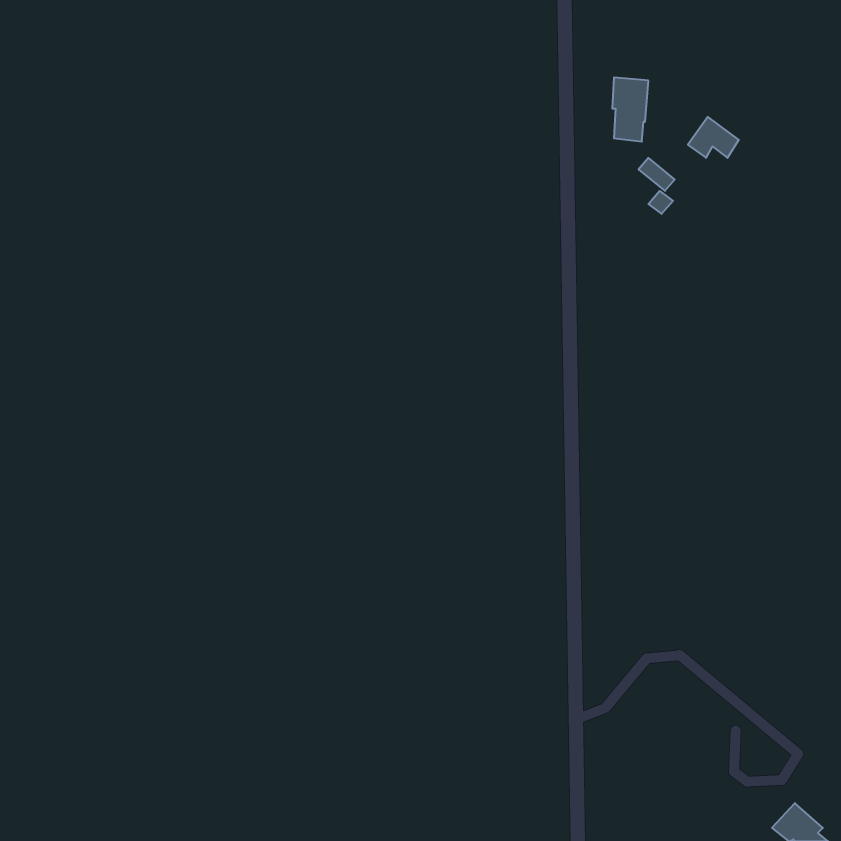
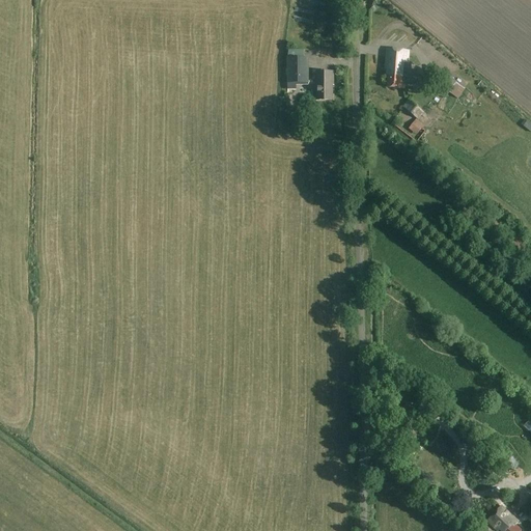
building: none -> [287,57,310,83]
building: none -> [316,72,334,101]

